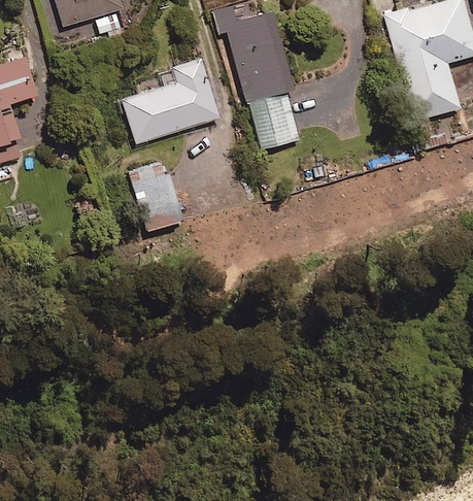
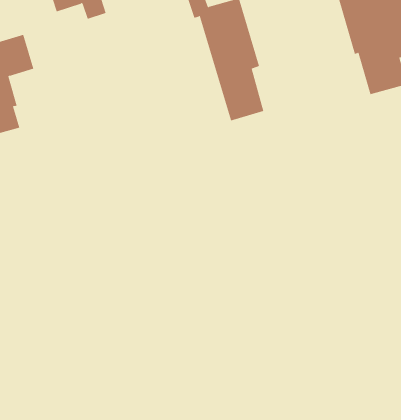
building: [122,58,218,142] -> none
building: [128,161,181,226] -> none

